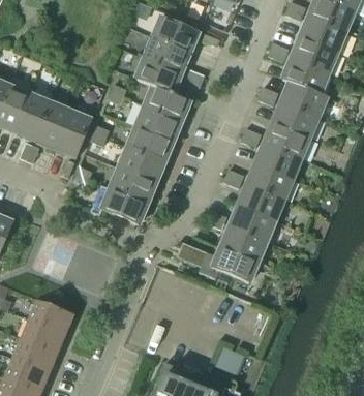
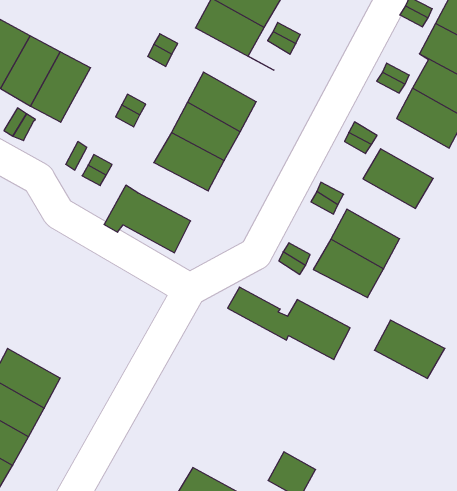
building: [137,78,190,121] -> none
building: [56,111,92,156] -> none
building: [265,122,309,158] -> none
building: [247,163,292,200] -> none
building: [111,167,156,203] -> none
building: [221,225,267,261] -> [374,320,445,378]

